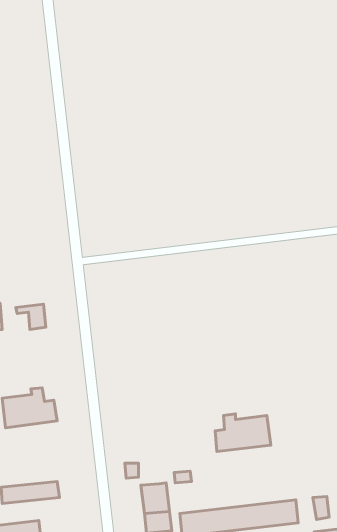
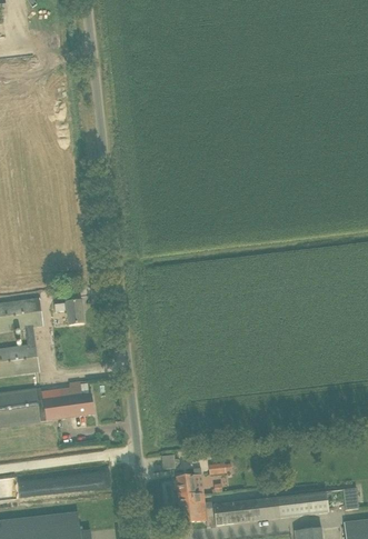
building: [215,414,271,452] -> none

